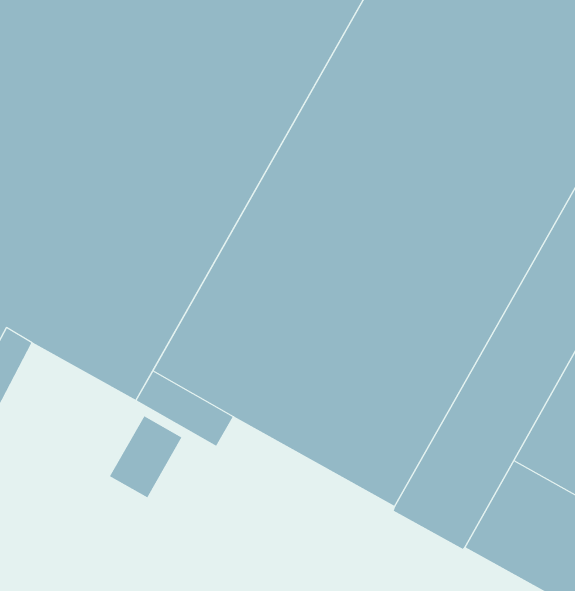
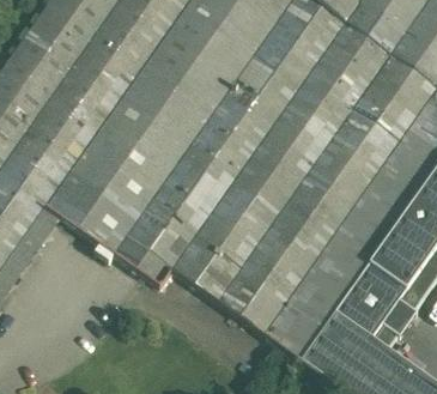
building: [109,415,182,498] -> none

